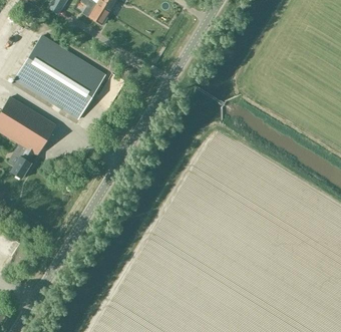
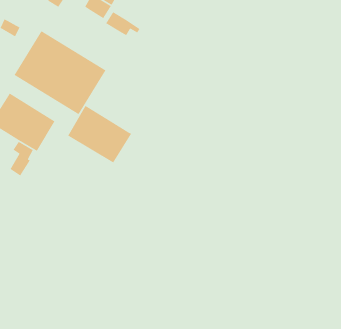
building: none -> [105,11,140,36]
building: none -> [67,105,132,163]

